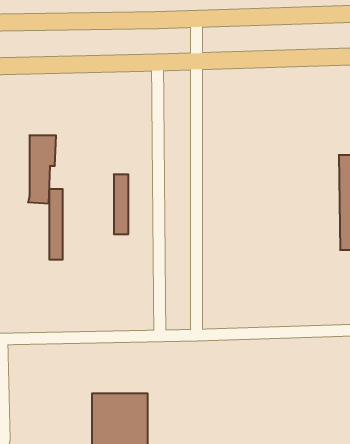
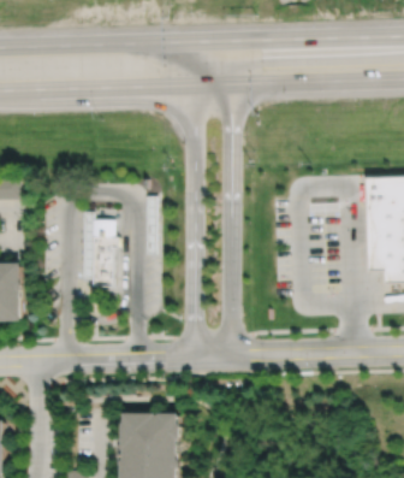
building: [28,135,56,203] -> [91,219,119,287]

